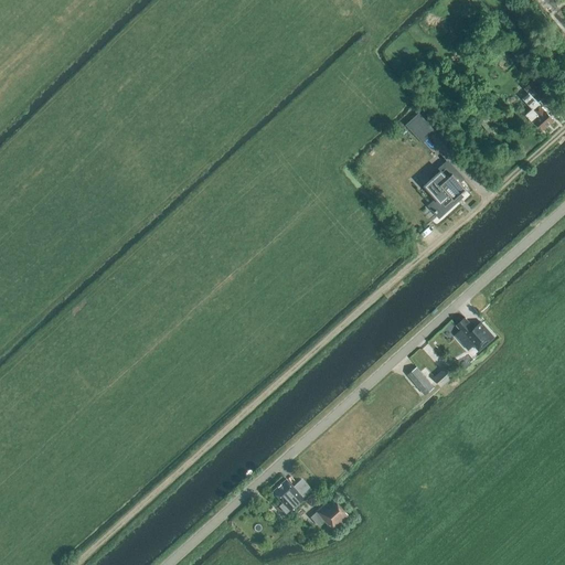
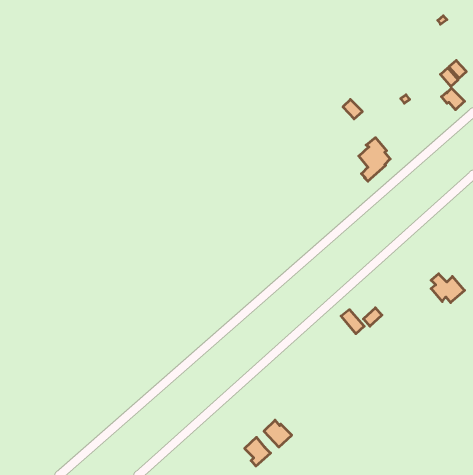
building: [454,318,493,352] -> [431,274,465,303]
building: [269,479,300,513] -> [245,437,271,466]

